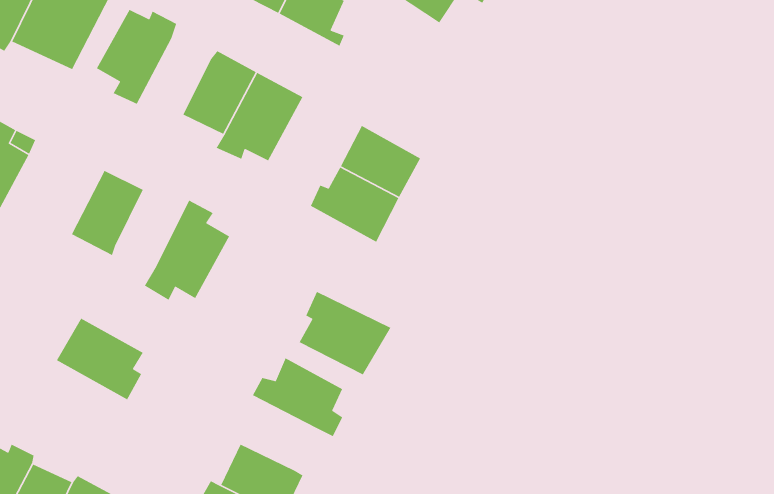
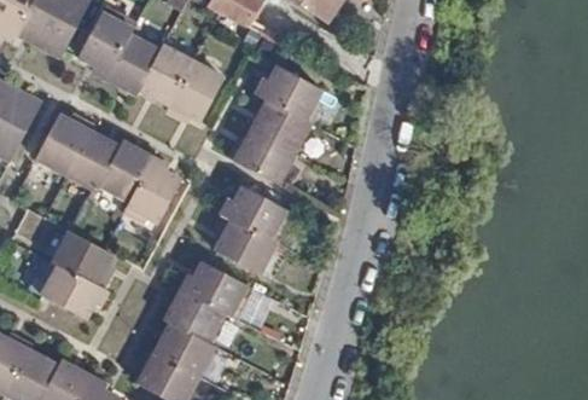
building: none -> [104,30,157,94]
building: none -> [255,63,319,117]
building: none -> [22,109,83,173]
building: none -> [88,133,141,196]
building: none -> [229,184,296,240]
building: none -> [33,265,103,326]
building: none -> [173,290,234,344]

